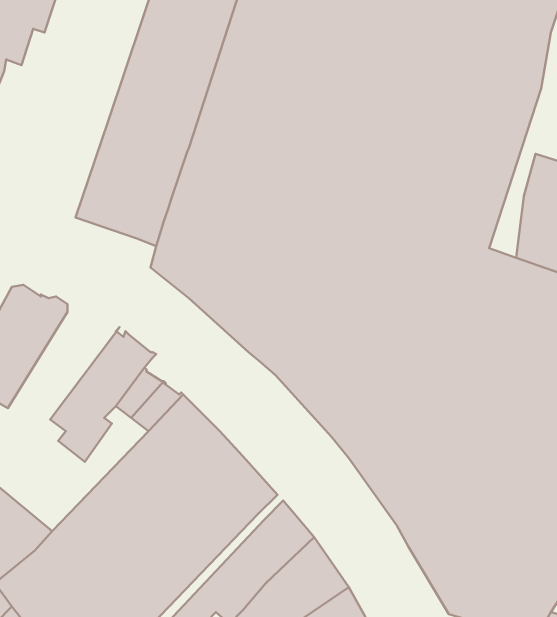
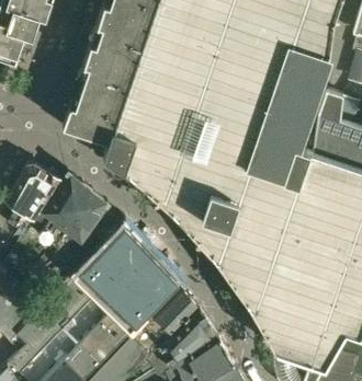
building: none -> [32,173,89,242]

